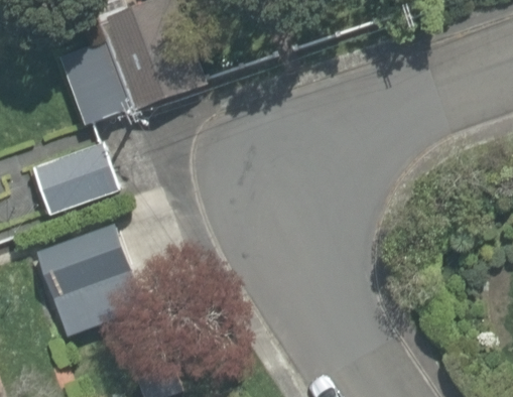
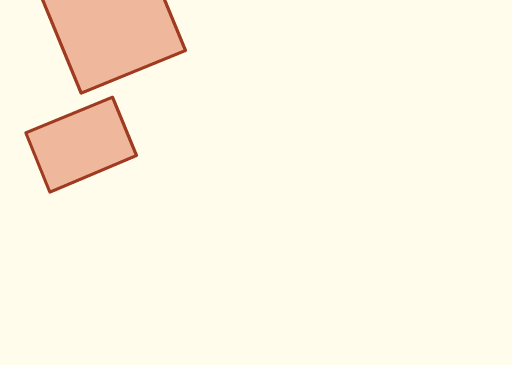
building: [35,222,154,341] -> none

